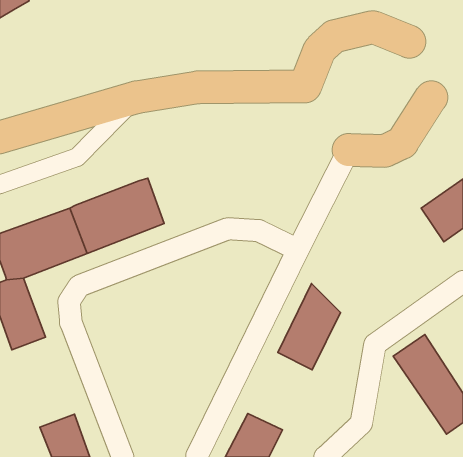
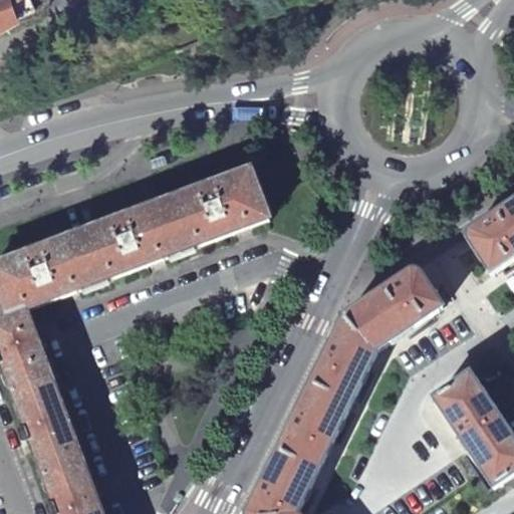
building: none -> [164,164,271,247]
building: none -> [344,265,441,345]
building: none -> [13,372,82,472]
building: none -> [274,390,345,475]

